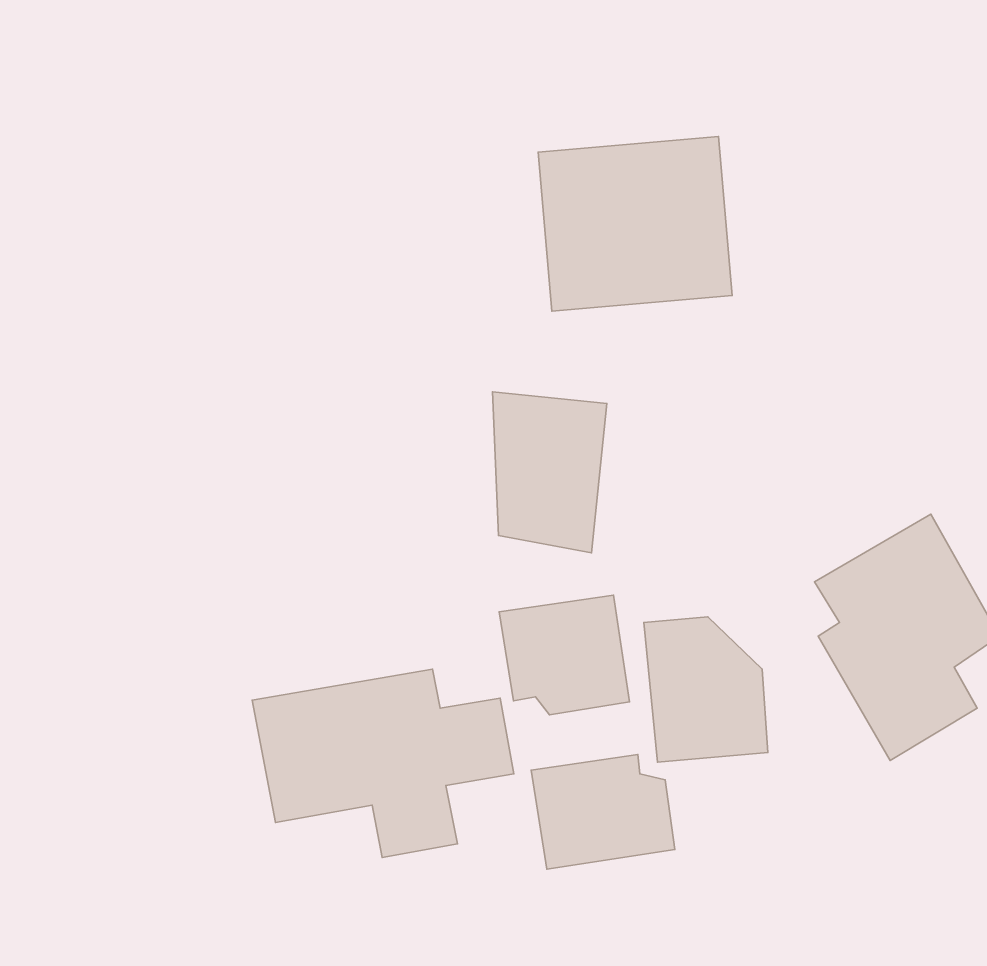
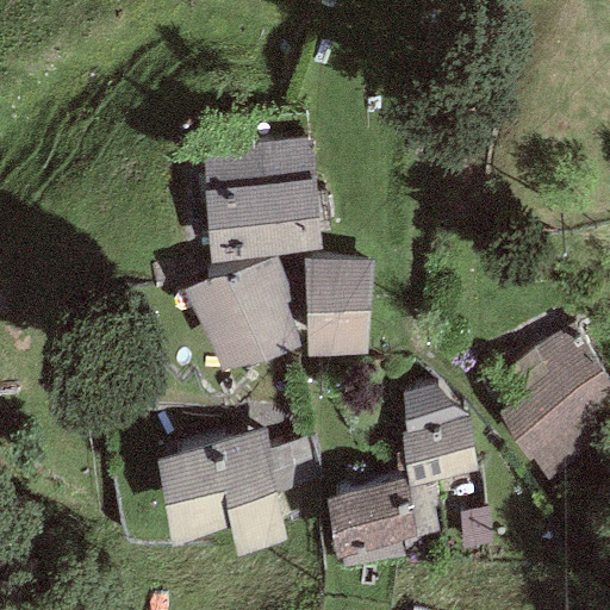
building: [538,137,732,311] -> [203,145,322,253]
building: none -> [187,254,294,366]
building: [499,595,630,715] -> none

